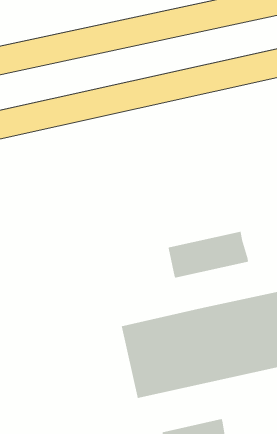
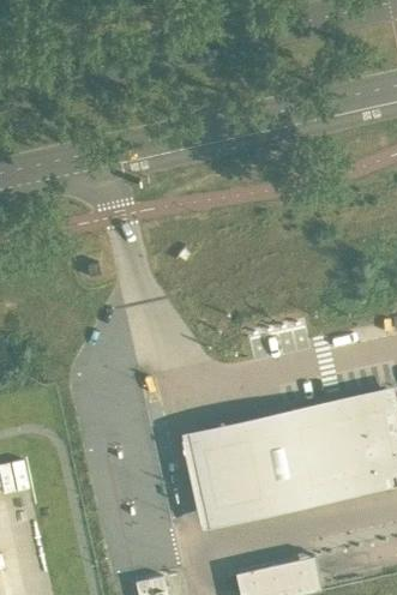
building: [167,231,249,278] -> none

